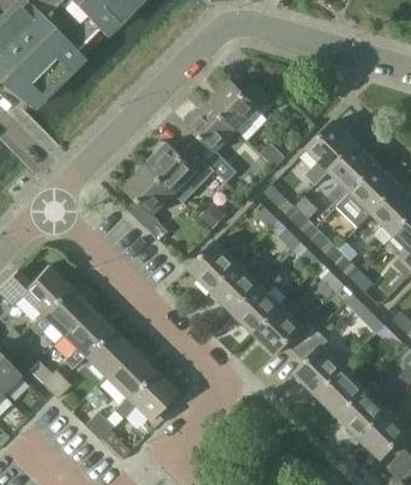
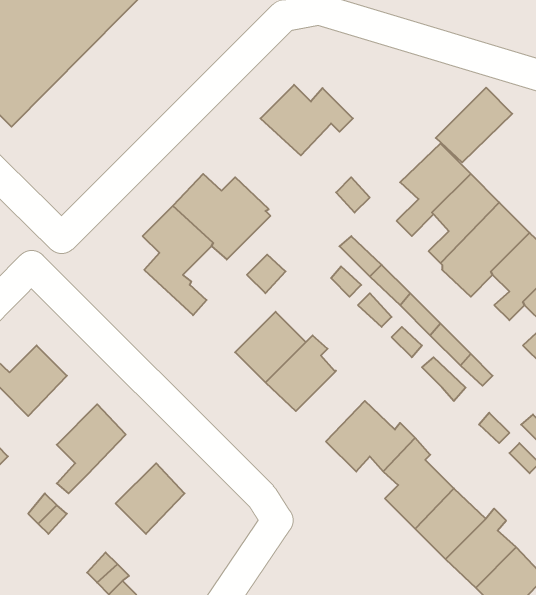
building: none -> [436,88,512,162]
building: [188,103,240,184] -> none
building: [234,271,284,333] -> none
building: [30,286,92,338] -> none
building: [85,328,134,377] -> none
building: [114,370,177,428] -> none

